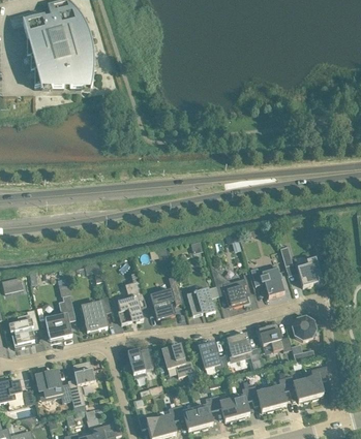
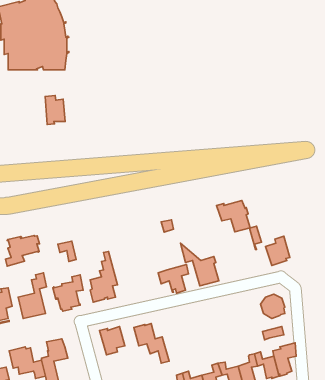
building: none -> [45,95,65,125]
building: none -> [5,235,40,266]
building: [249,262,283,294] -> [217,200,250,232]
building: [149,274,182,317] -> none
building: [258,322,291,349] -> none
building: [225,331,251,357] -> none
building: [194,340,228,368] -> none

